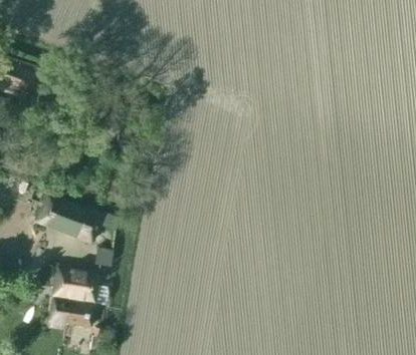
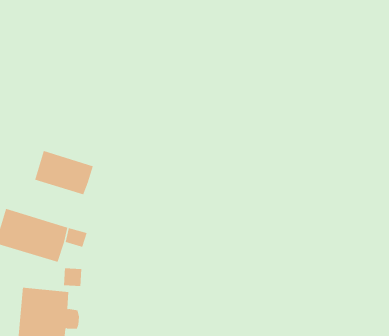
building: none -> [34,150,93,195]

